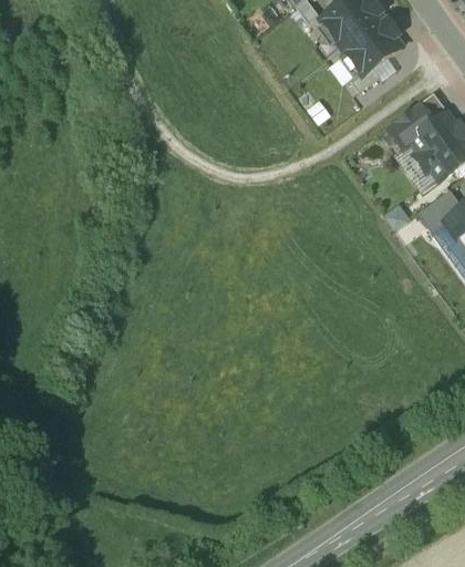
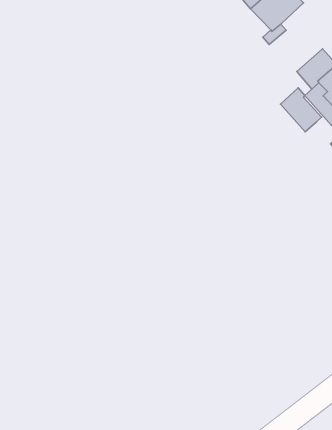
building: none -> [280,88,321,132]

